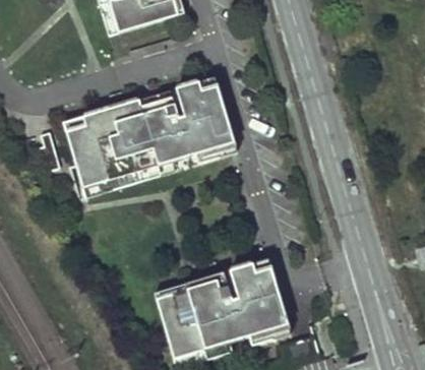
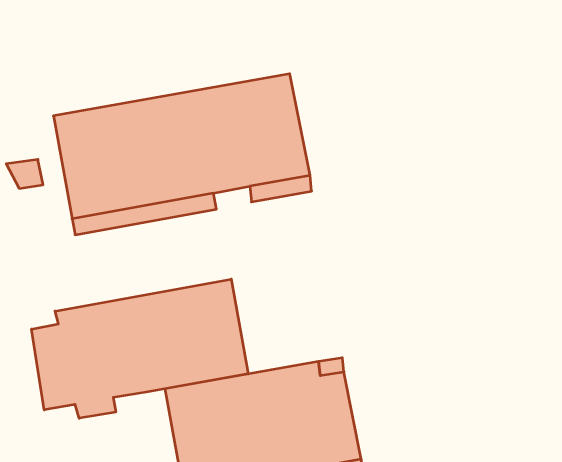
building: none -> [32,279,248,418]

